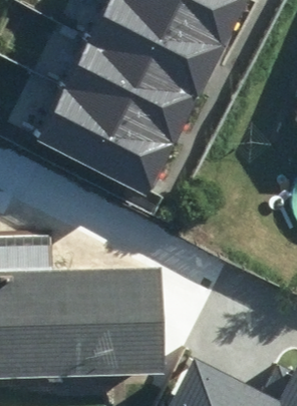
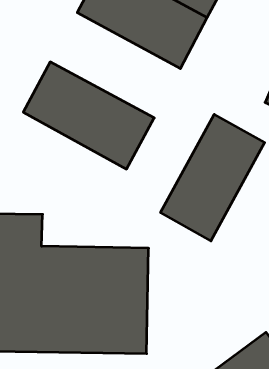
building: [66,26,202,135] -> none
building: none -> [161,114,265,241]

